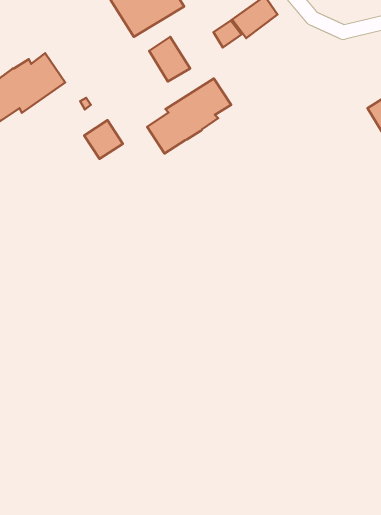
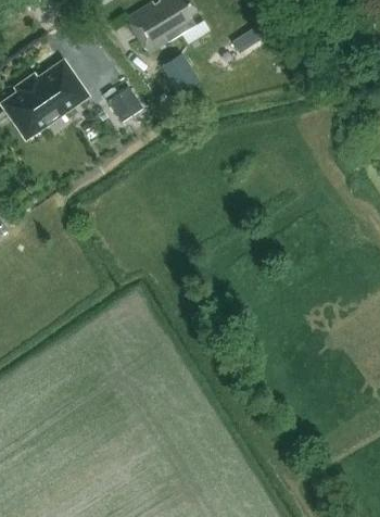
building: [147,79,231,153] -> none
building: [84,120,123,159] -> [106,87,142,123]

